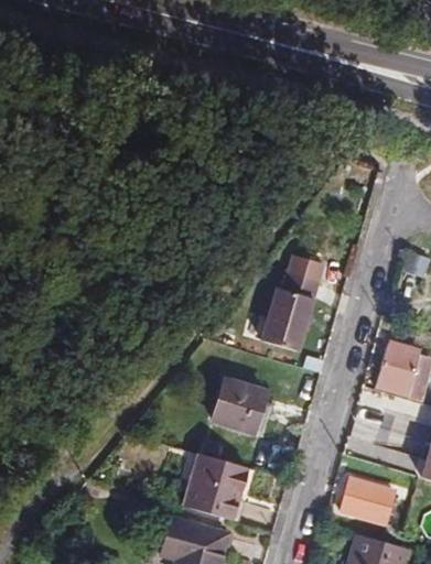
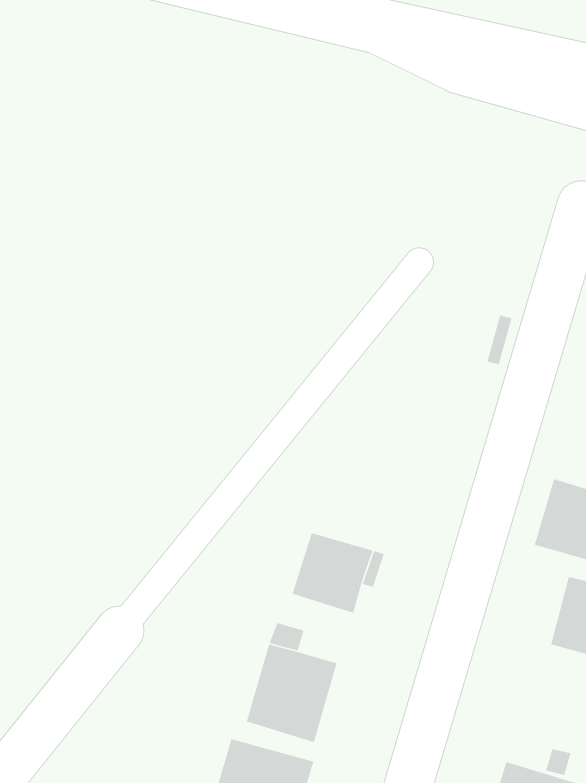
building: [262,273,319,350] -> none
building: [342,478,399,520] -> none

